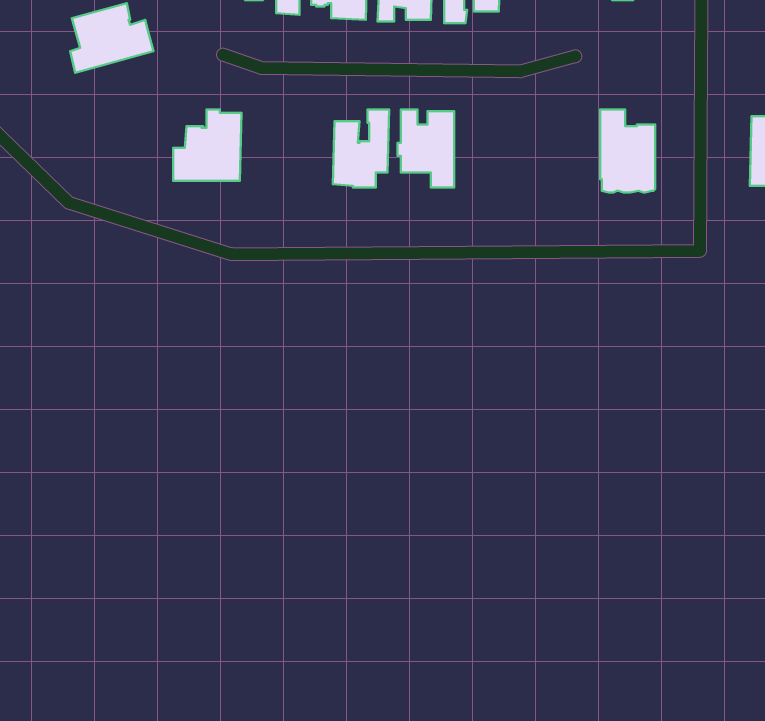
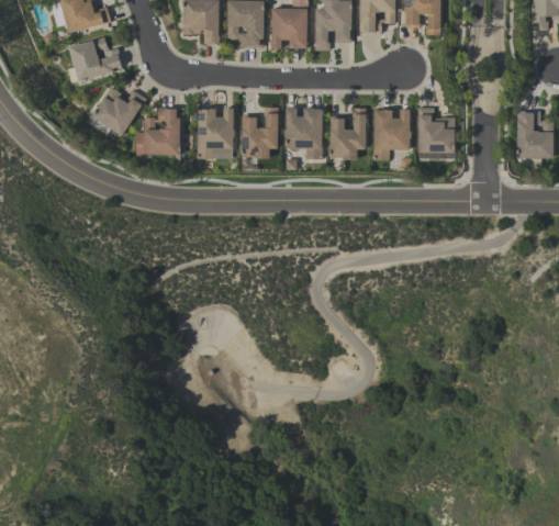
building: none -> [88,86,145,135]
building: none -> [195,108,234,158]
building: none -> [329,108,366,159]
building: none -> [372,109,411,159]

